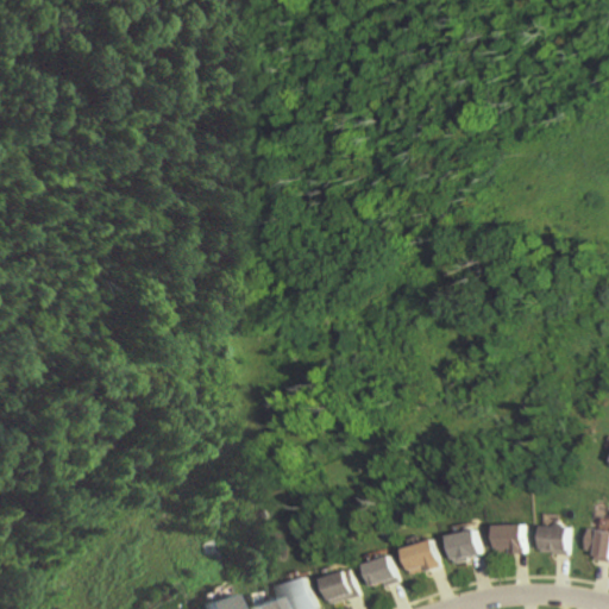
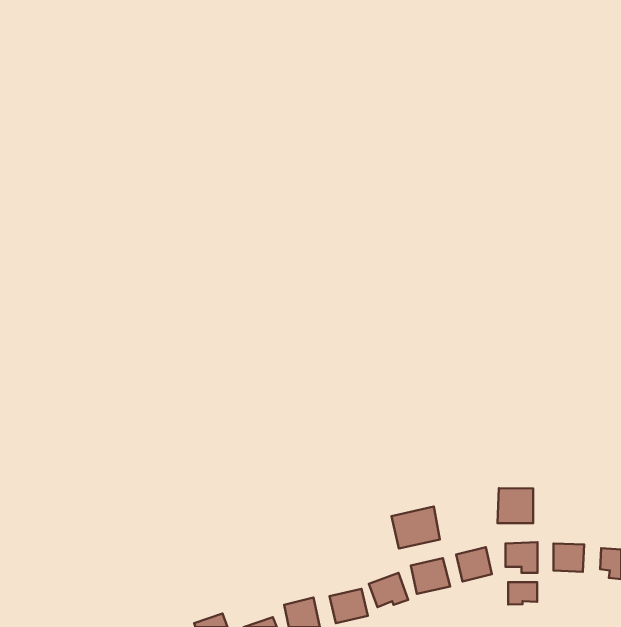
building: none -> [498,488,533,523]
building: none -> [391,507,440,548]
building: none -> [508,582,537,604]

